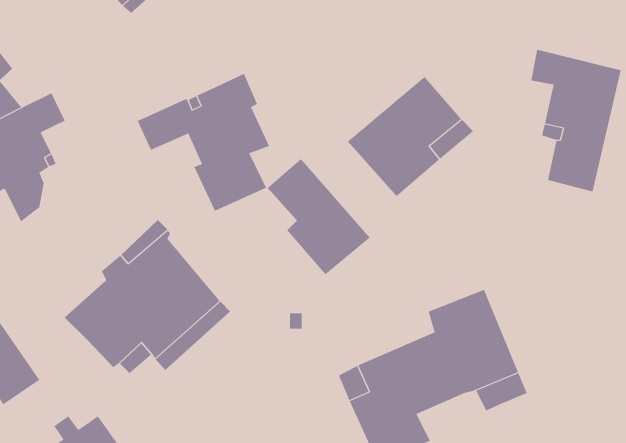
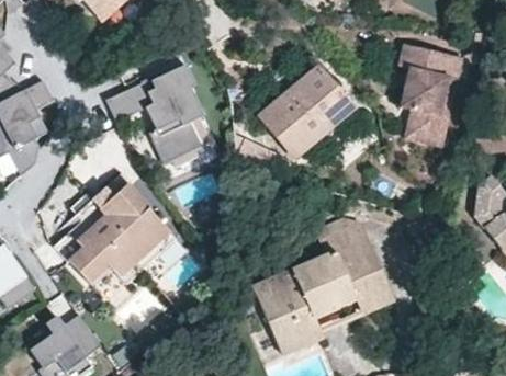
building: [267,158,371,275] -> none

